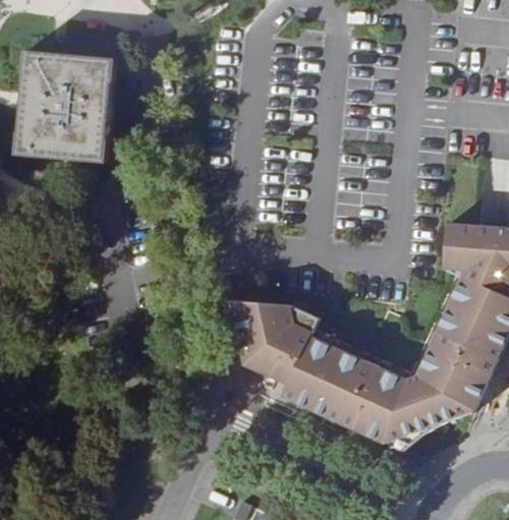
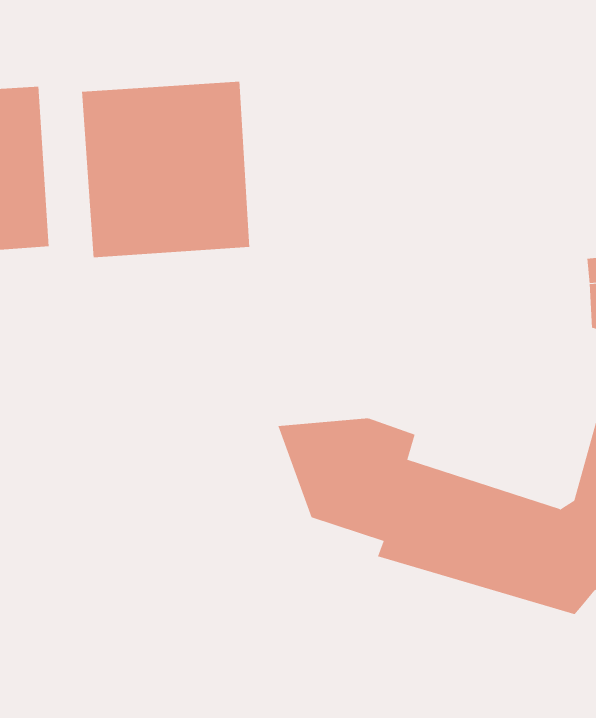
building: none -> [82,81,250,258]

